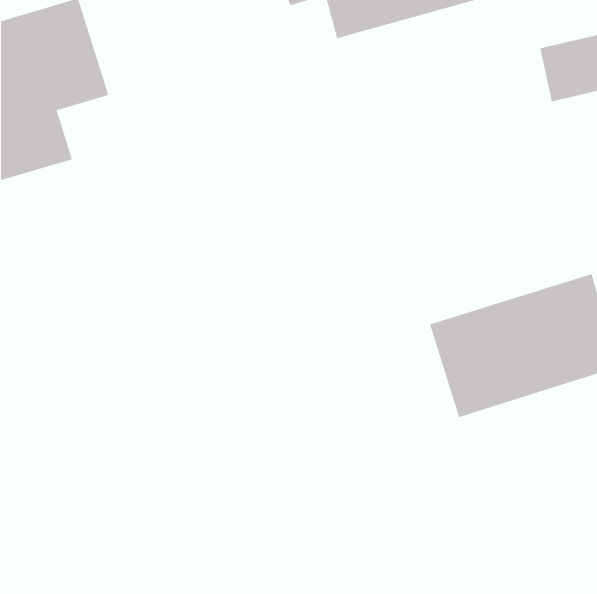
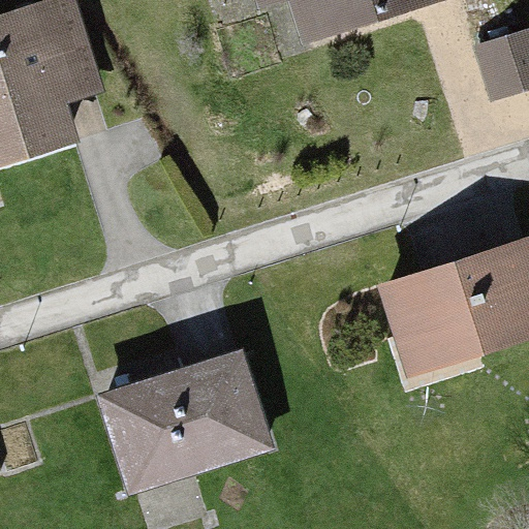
building: none -> [98,353,269,494]

